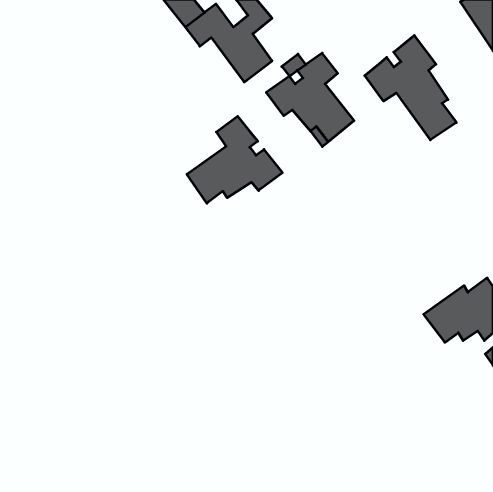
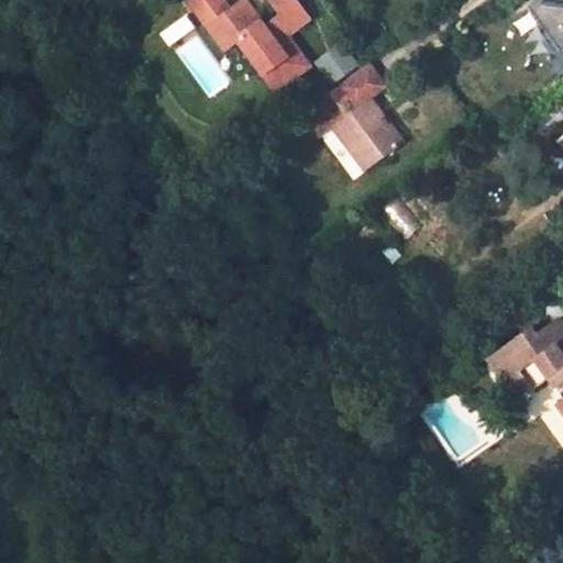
building: [365,35,456,140] -> none
building: [187,116,282,203] -> none

